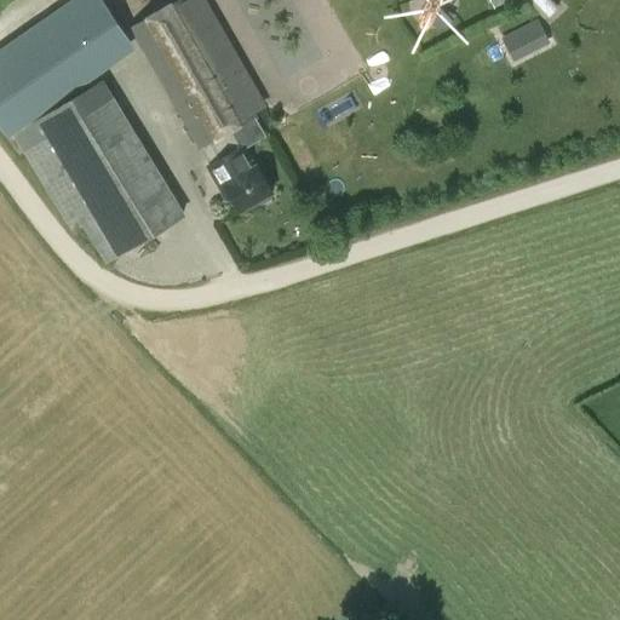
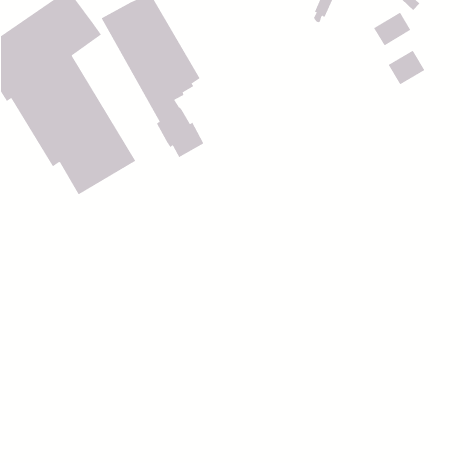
building: none -> [388,50,425,85]

